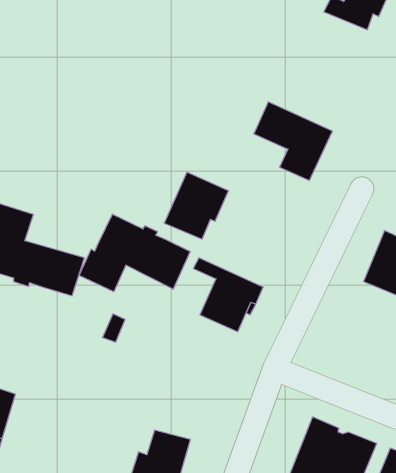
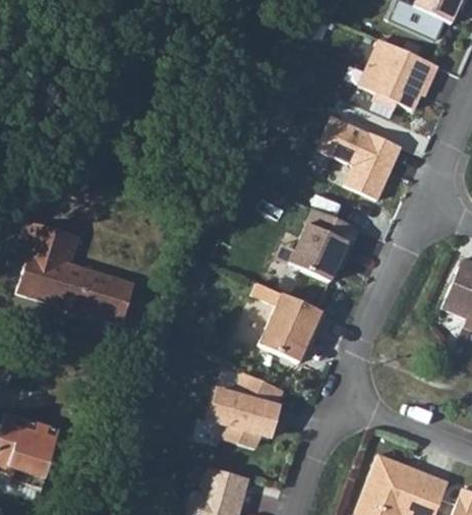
building: none -> [361,42,436,110]
building: [164,172,229,239] -> [290,209,359,281]
building: [79,214,190,292] -> none
building: none -> [208,373,282,446]

